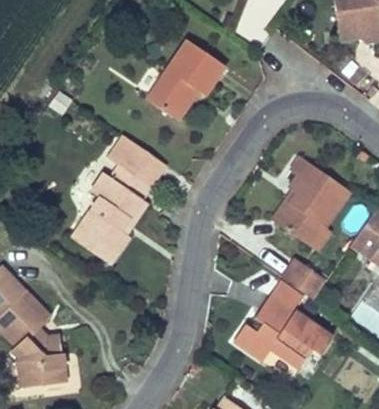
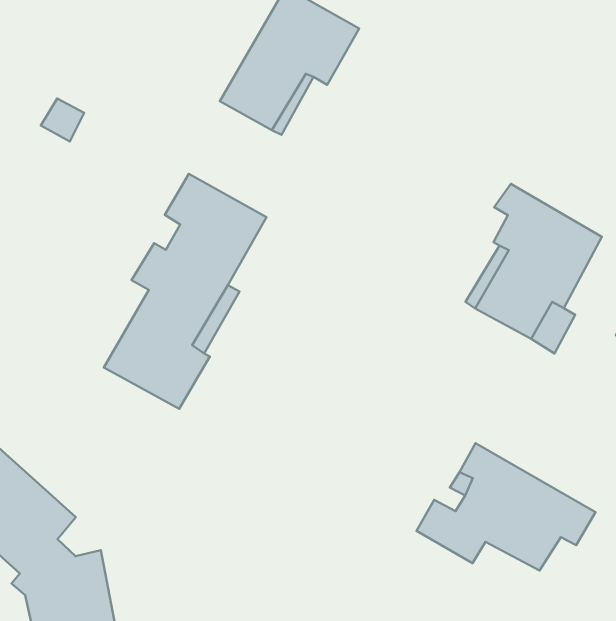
building: [282,262,325,301] -> none

